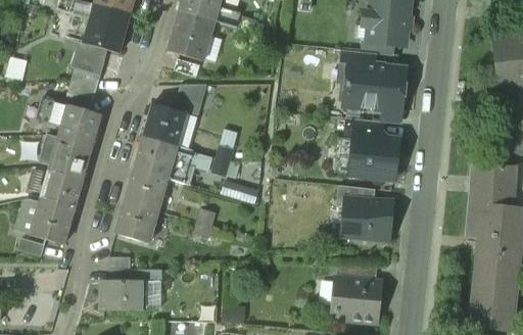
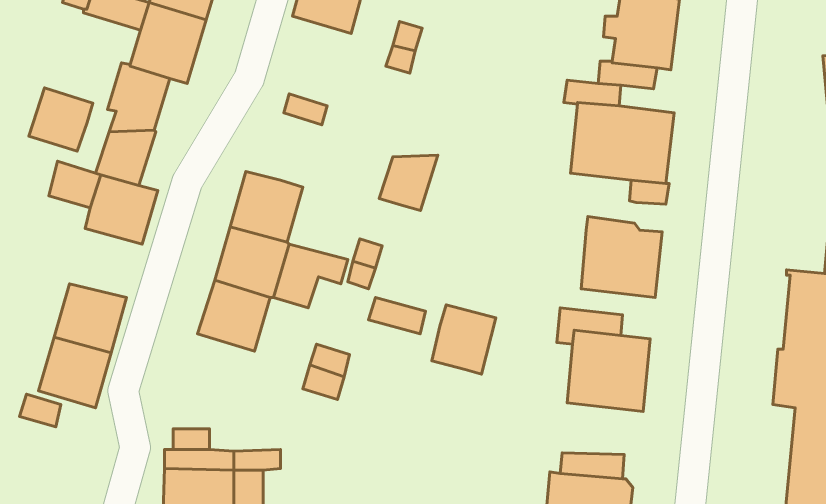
building: [169,11,215,59] -> none
building: none -> [29,88,93,151]
building: [173,83,207,115] -> [379,155,438,210]
building: [344,117,383,138] -> none
building: [48,137,91,178] -> none
building: none -> [432,305,496,374]
building: [13,197,39,233] -> none
building: [114,199,157,242] -> none

